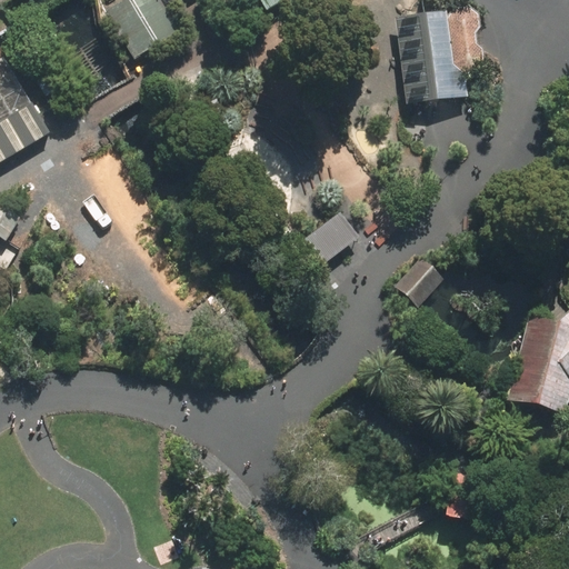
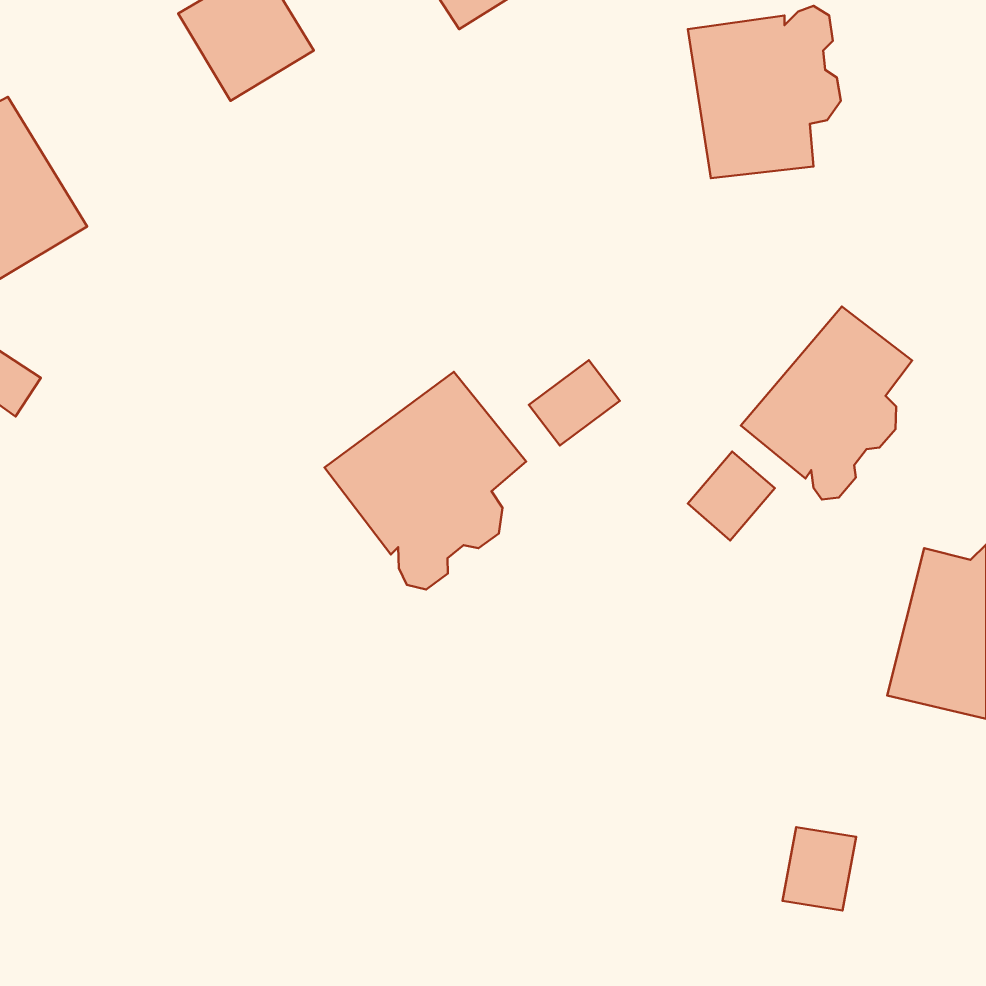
building: none -> [741,307,912,499]
building: none -> [325,372,526,590]

